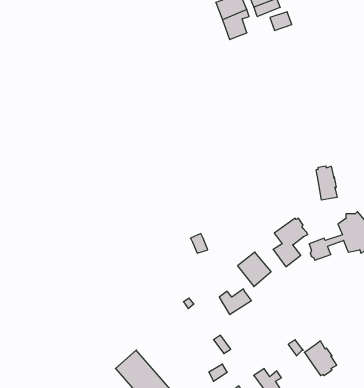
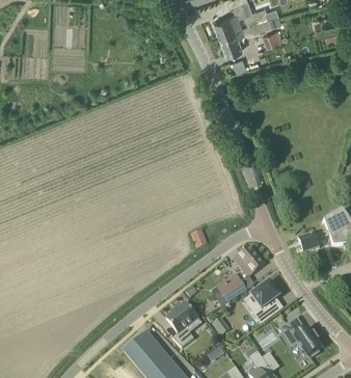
building: [316,166,337,200] -> none
building: [273,218,308,267] -> [249,280,280,324]
building: none -> [166,301,198,347]

